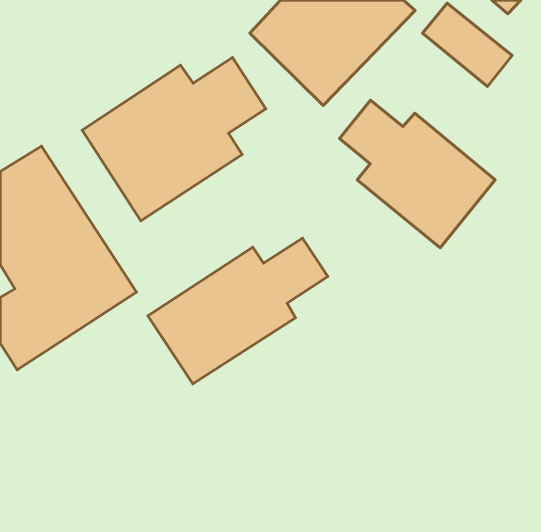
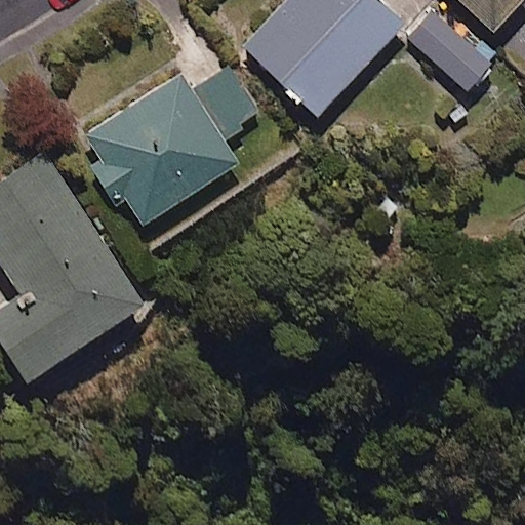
building: [339,100,495,248] -> none
building: [148,238,328,384] -> none

